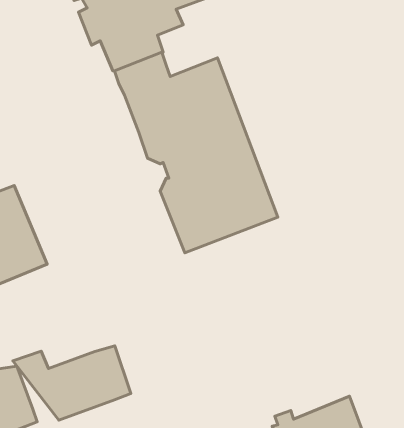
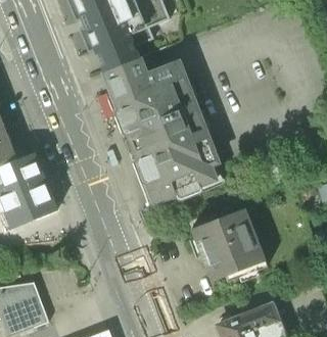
building: none -> [191,208,268,282]
building: [13,346,131,420] -> none

